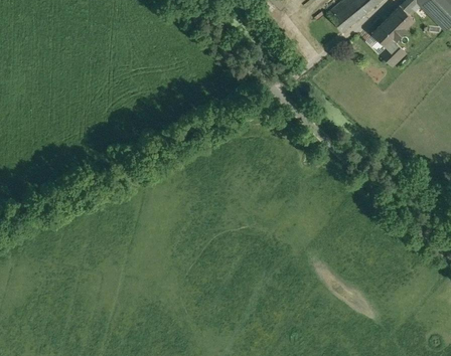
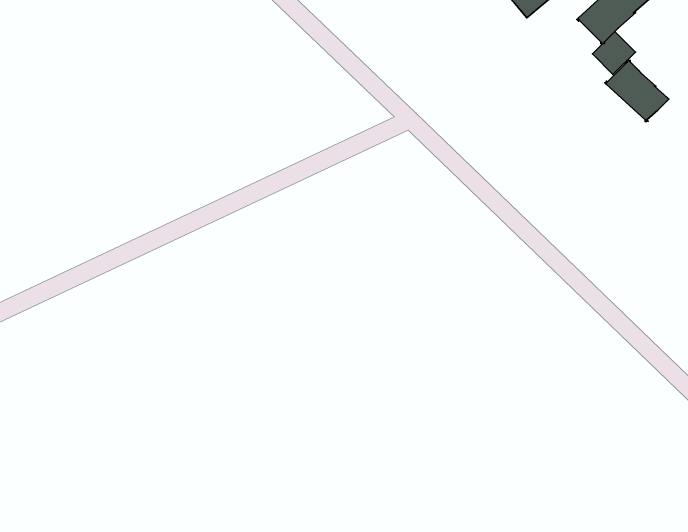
building: none -> [605,60,669,121]

